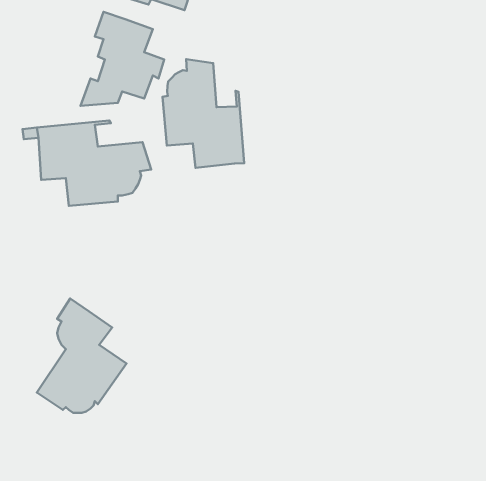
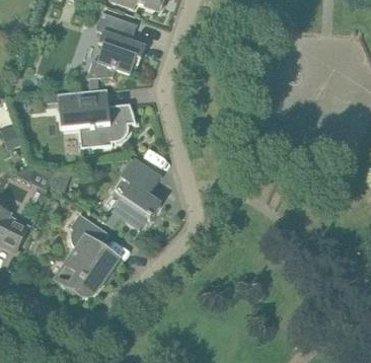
building: [163,59,244,168] -> none
building: none -> [113,158,161,229]

